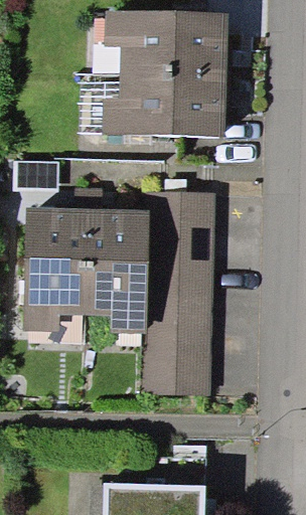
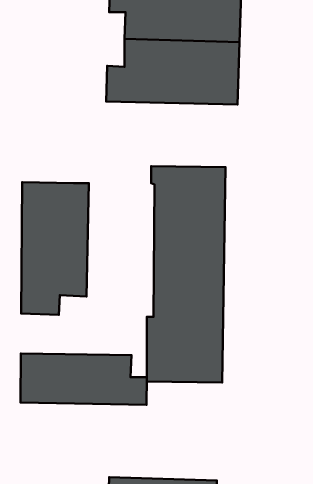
building: [84,208,147,333] -> none
building: none -> [21,354,147,405]

